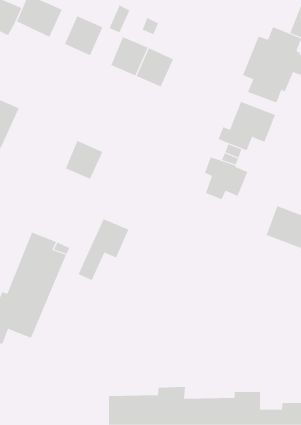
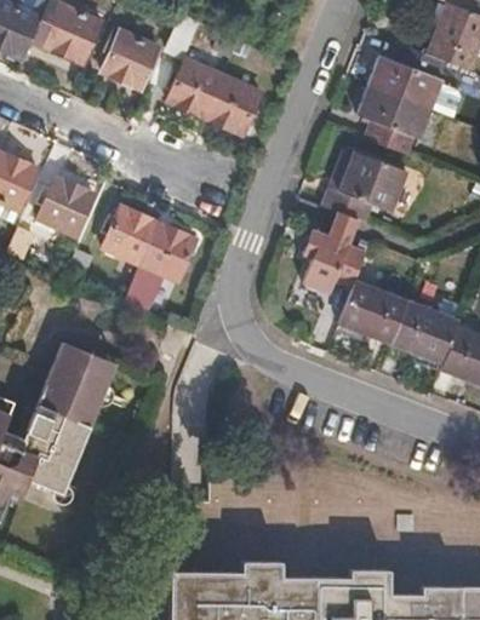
building: none -> [39,172,96,235]
building: none -> [338,281,407,345]
building: [78,219,129,281] -> [121,225,195,315]

